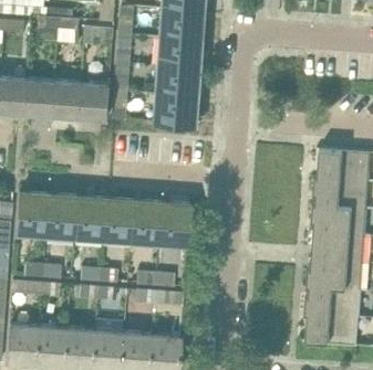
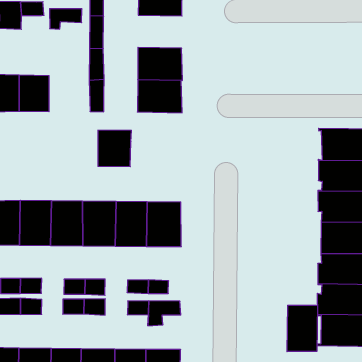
building: [160,36,201,68] -> none
building: [77,85,110,119] -> [98,130,131,167]
building: none -> [287,305,317,352]

